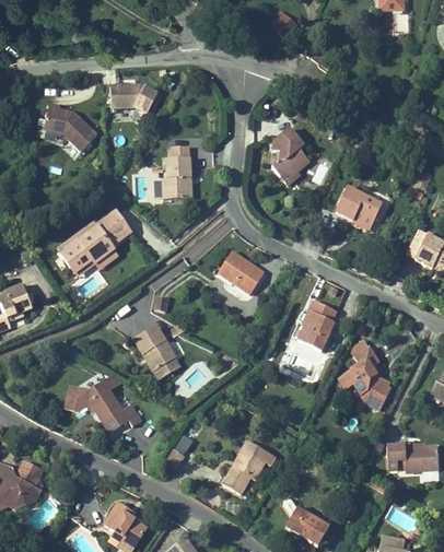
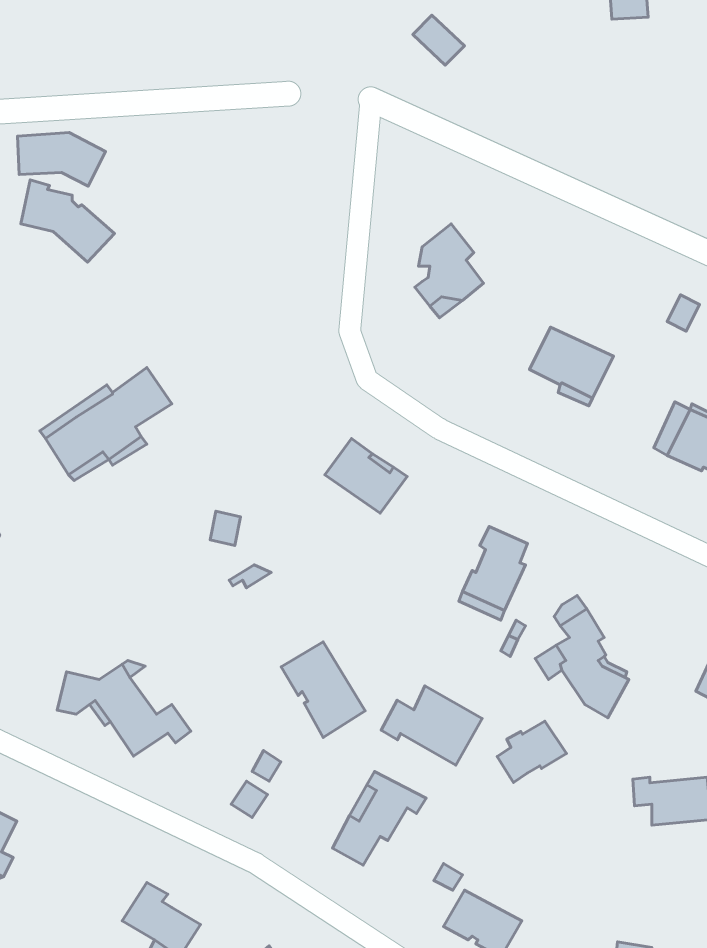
building: [112,83,162,114] -> [17,132,105,186]
building: [162,143,191,196] -> none
building: [133,325,182,379] -> [281,642,365,738]
building: none -> [381,686,482,765]
building: none -> [497,721,566,782]

